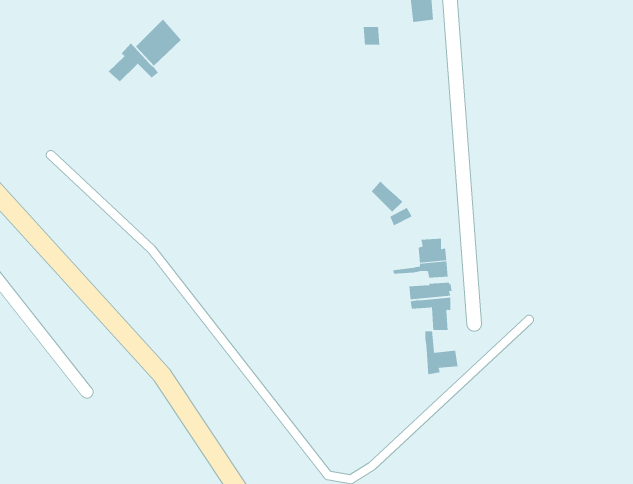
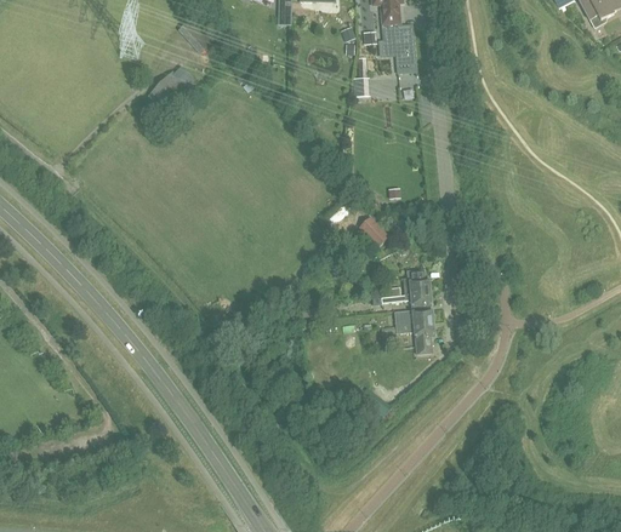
building: [108,42,159,82] -> none
building: [425,330,458,375] -> none

